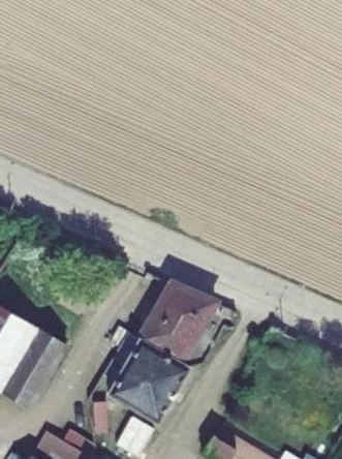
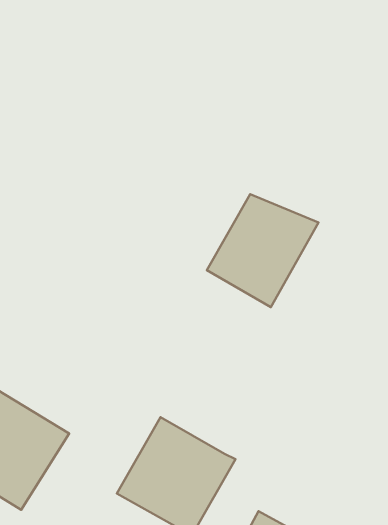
building: [134,283,219,369] -> [207,194,319,307]

